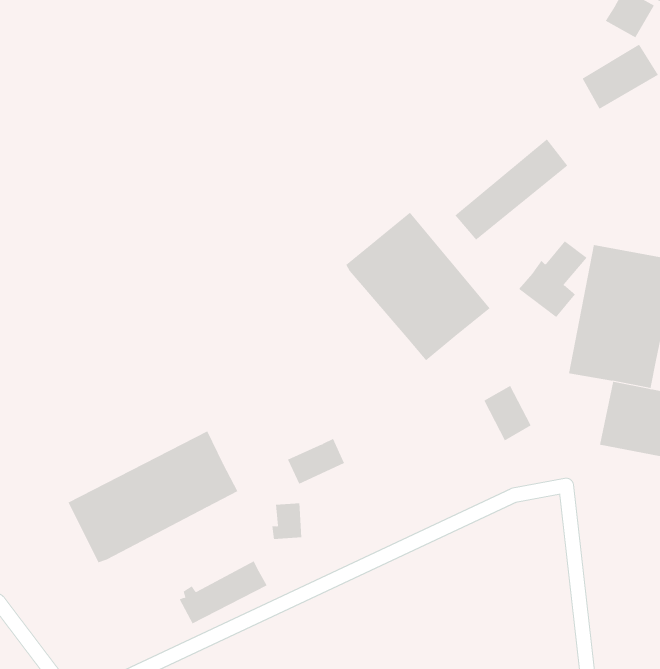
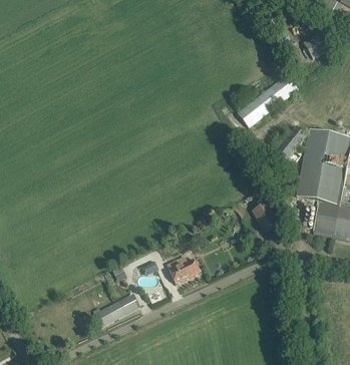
building: [346,212,490,361] -> none
building: [68,431,238,563] -> none
building: [287,438,345,484] -> [169,259,200,283]

